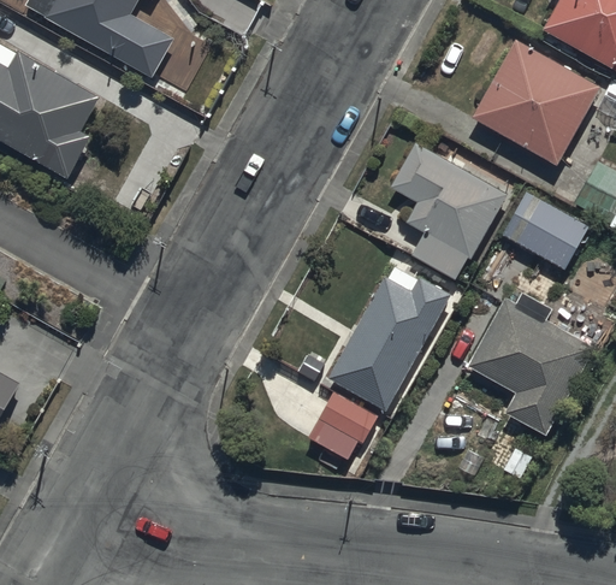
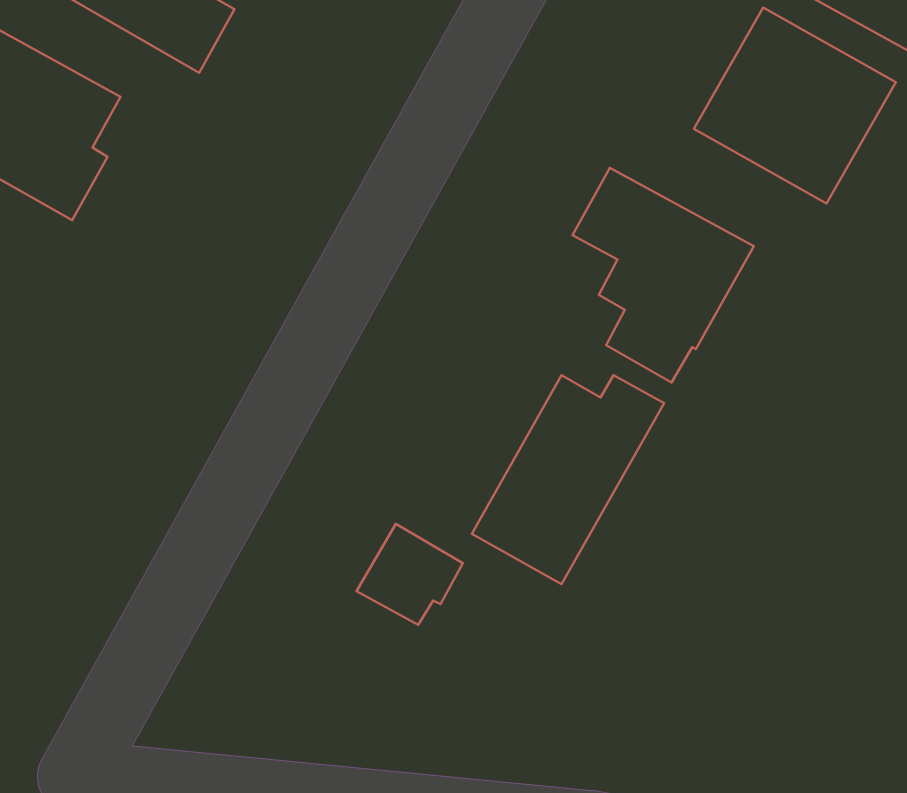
building: [499,190,588,270] -> none
building: [469,291,596,432] -> none
building: [309,392,378,457] -> [357,524,463,625]

